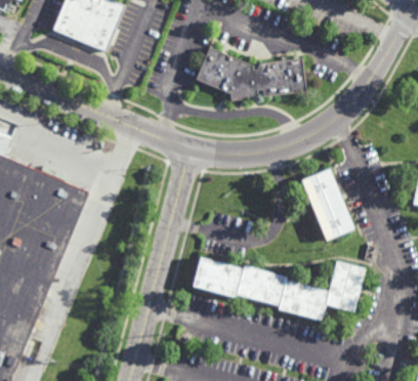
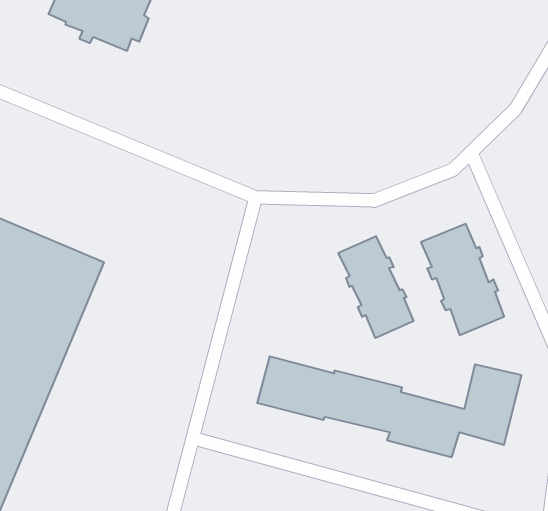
building: [194,45,305,99] -> none
building: none -> [338,236,413,338]

